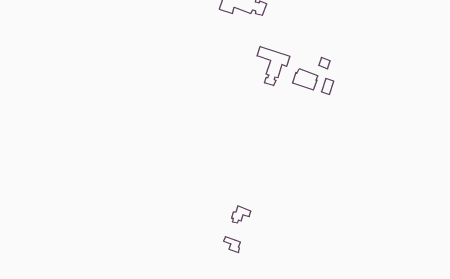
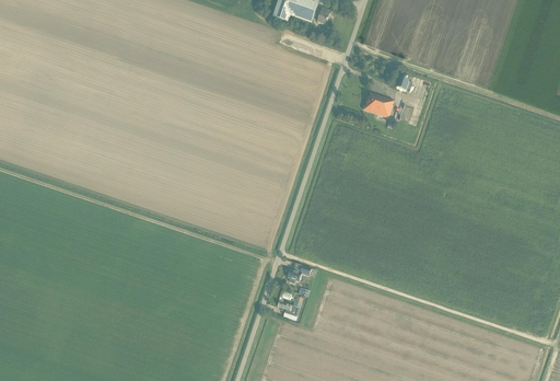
building: [257,46,290,86] -> none

